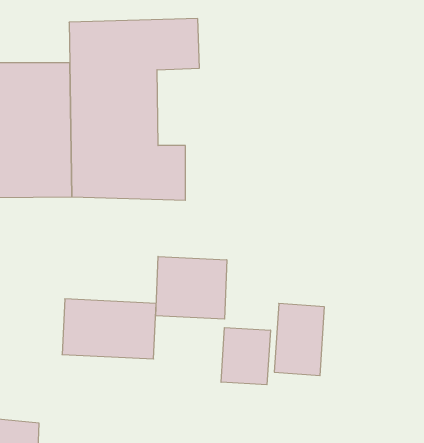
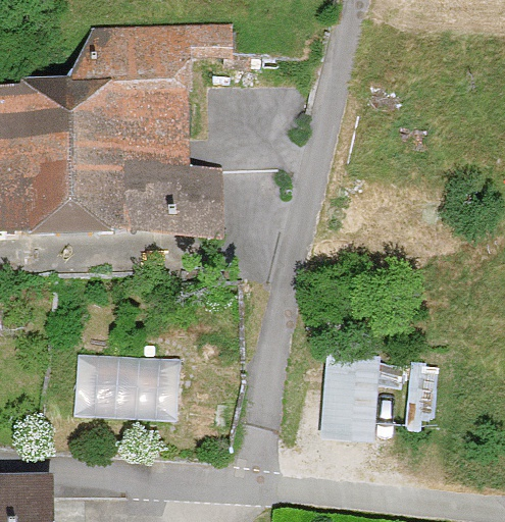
building: [156,256,227,319] -> none
building: [221,328,270,385] -> none

